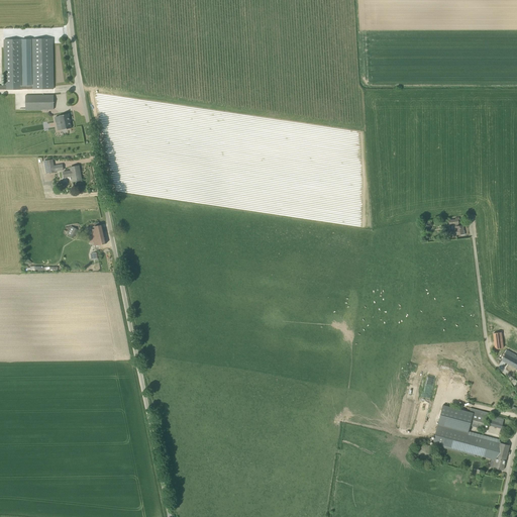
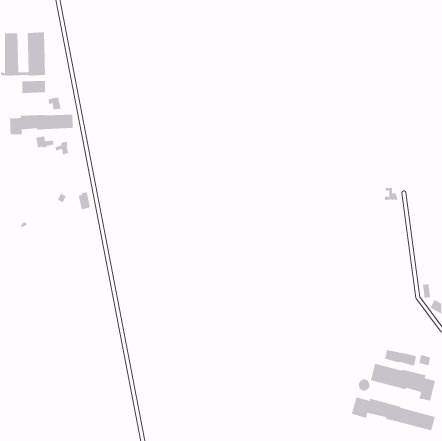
building: none -> [10,114,73,135]
building: none -> [351,396,436,431]

